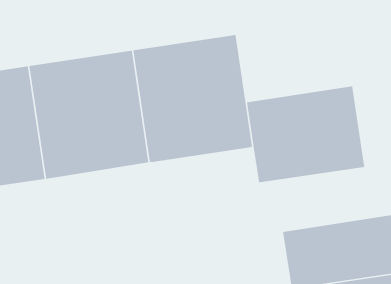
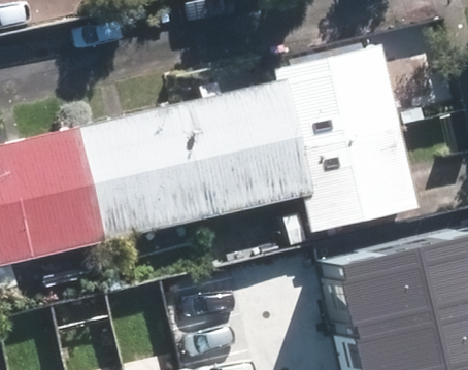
building: none -> [279,41,404,146]

